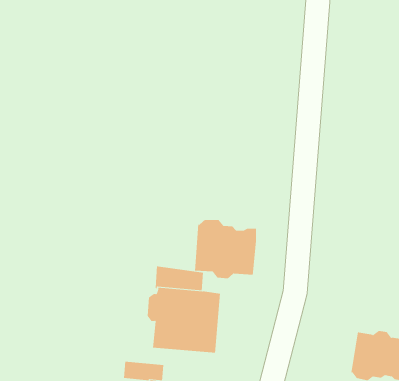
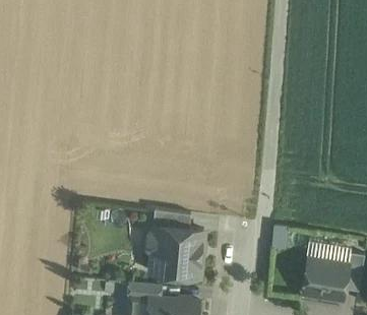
building: [194,219,257,279] -> none

